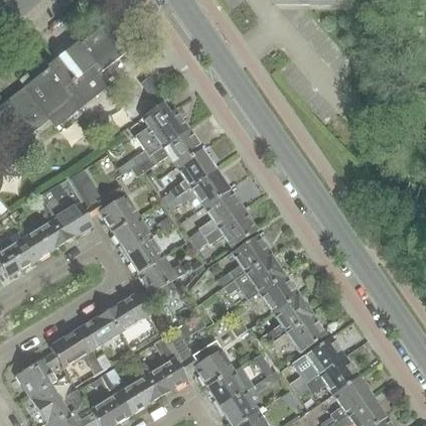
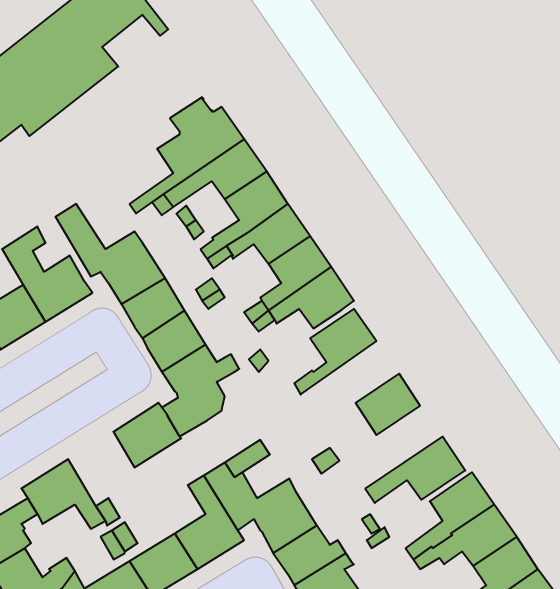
building: [224,254,285,300] -> none
building: [259,294,312,345] -> none
building: [79,310,120,349] -> none

